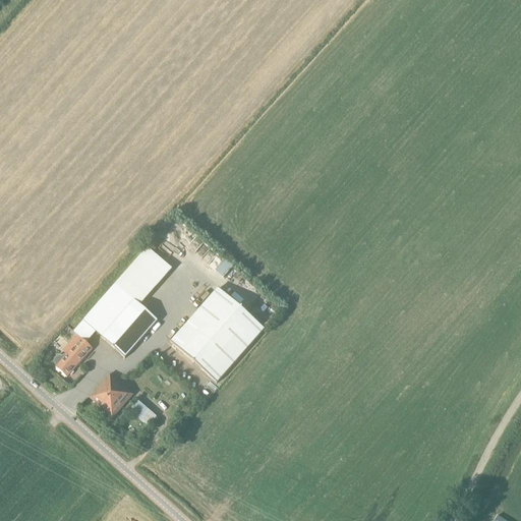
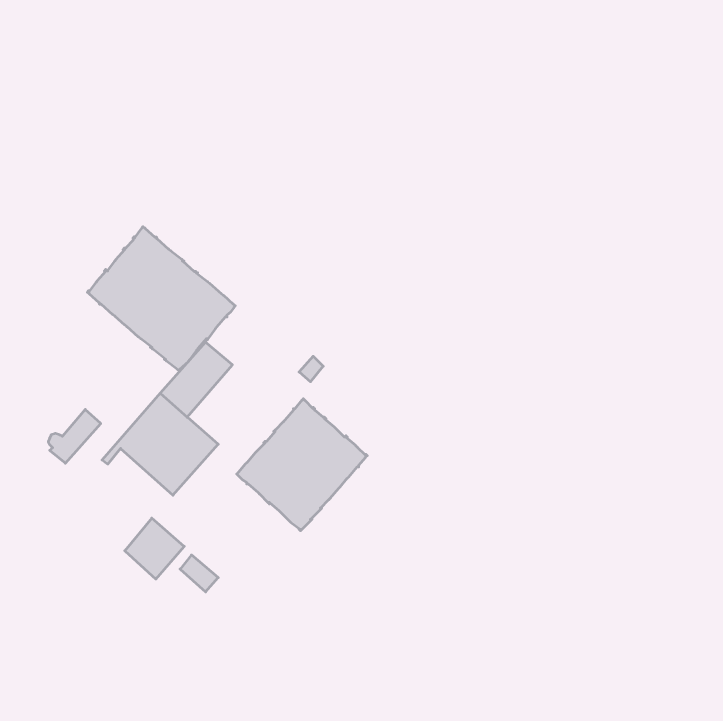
building: none -> [87,227,235,371]
building: [55,336,93,374] -> [48,409,101,463]

